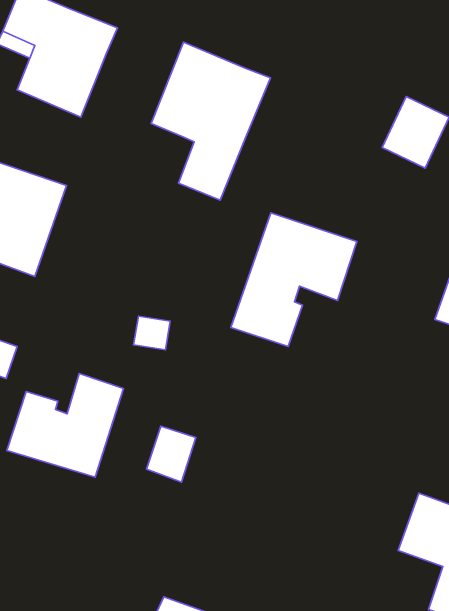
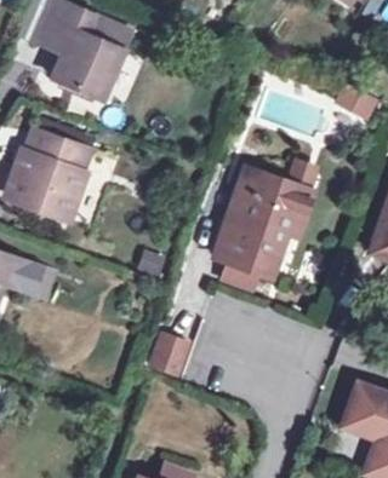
building: [151,42,270,200] -> none
building: [7,374,124,477] -> none

